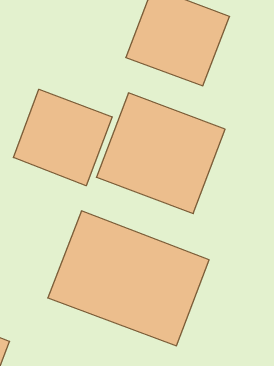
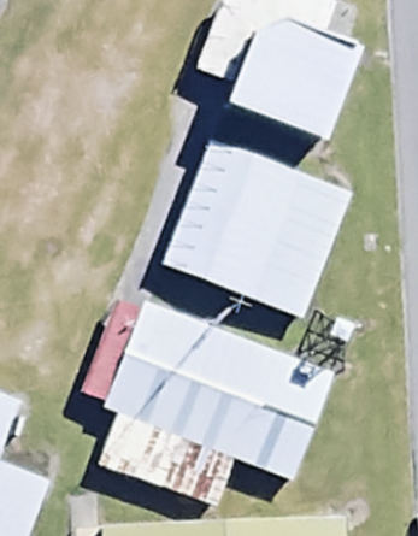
building: [13,89,112,186] -> none

